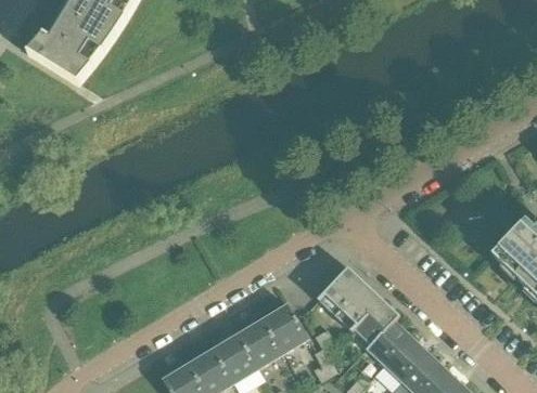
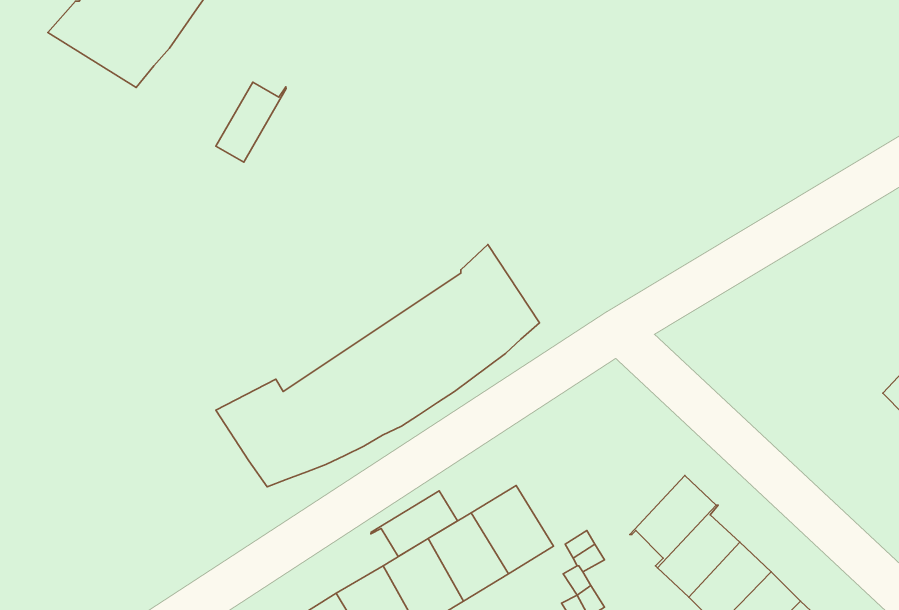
building: none -> [216,82,286,162]
building: none -> [216,245,539,487]
building: [315,263,380,328] -> none
building: none -> [371,491,457,557]

